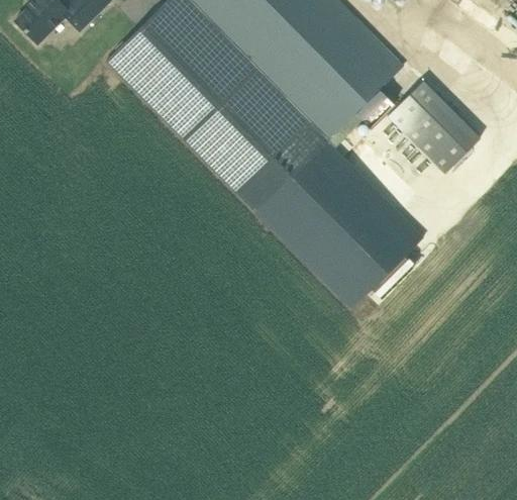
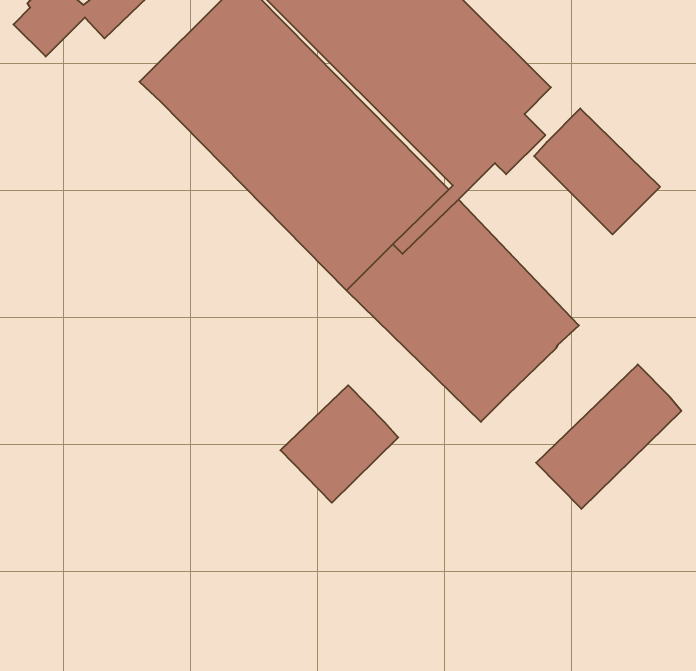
building: none -> [536,364,681,509]
building: none -> [280,385,398,503]

